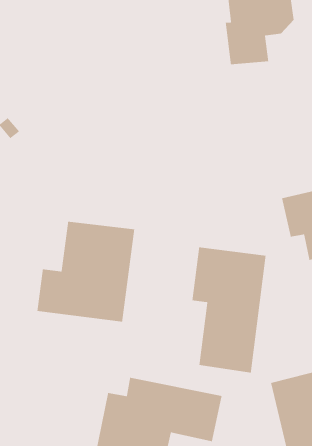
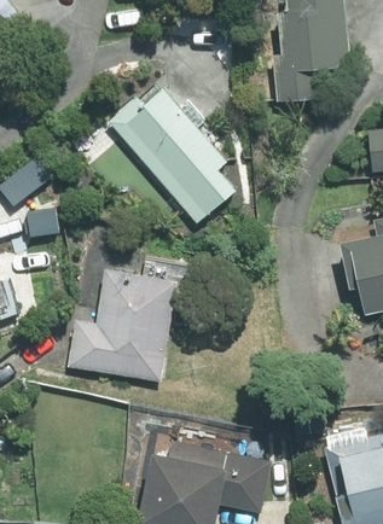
building: none -> [115,87,237,222]
building: [192,247,267,373] -> none

